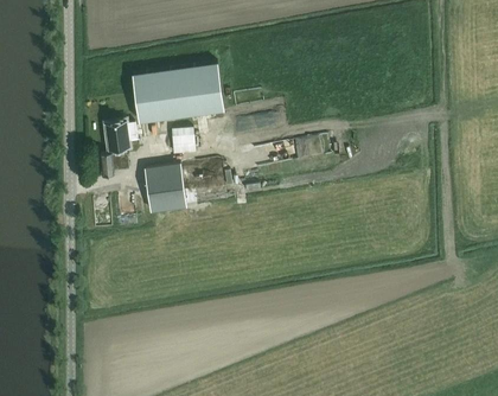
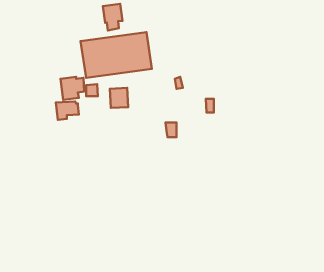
building: none -> [103,4,123,30]
building: [145,165,186,211] -> none

